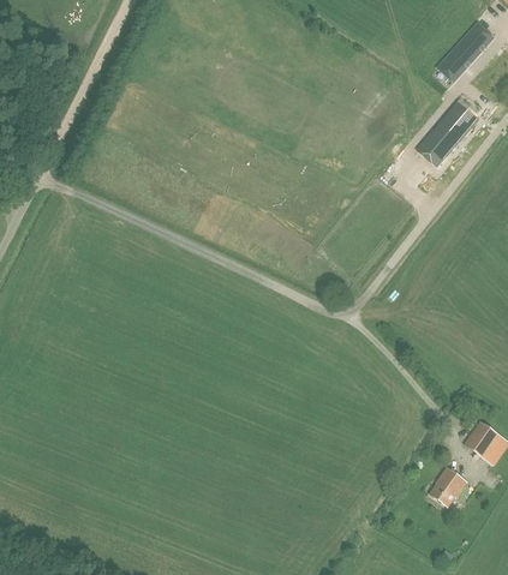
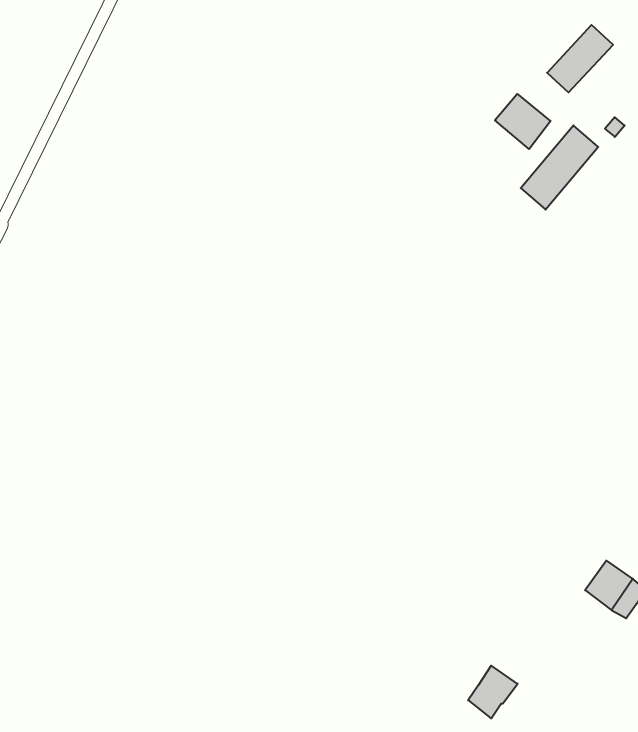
building: none -> [495,94,551,149]
building: [430,468,466,507] -> [468,666,518,718]

